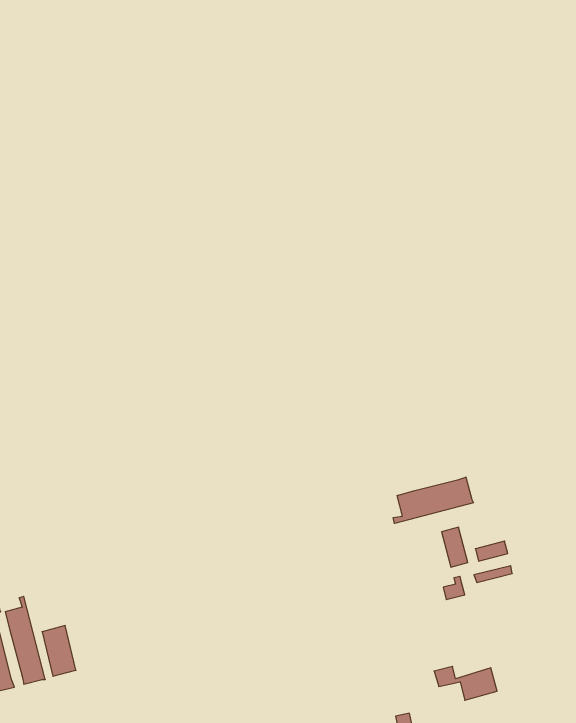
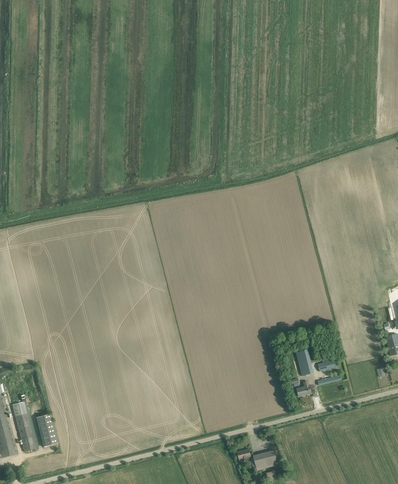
building: [393,477,473,523] -> none
building: [434,666,497,700] -> [236,448,277,470]

